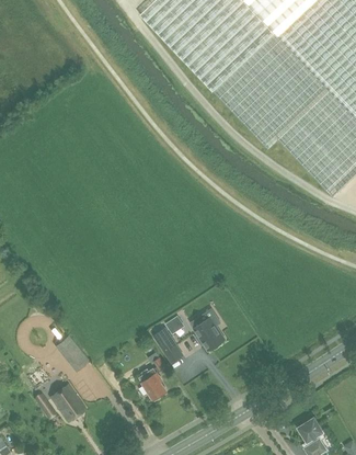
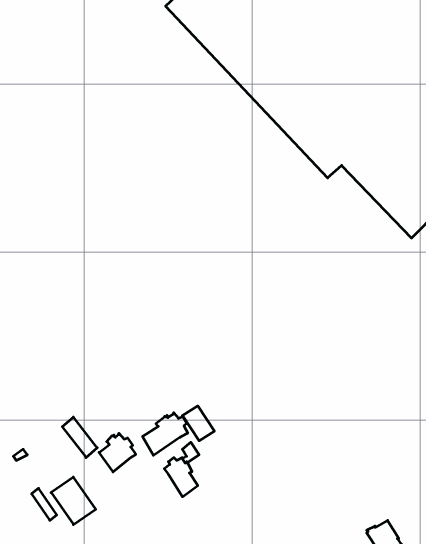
building: [191,315,225,351] -> none
building: none -> [143,413,188,455]
building: none -> [99,433,136,472]

